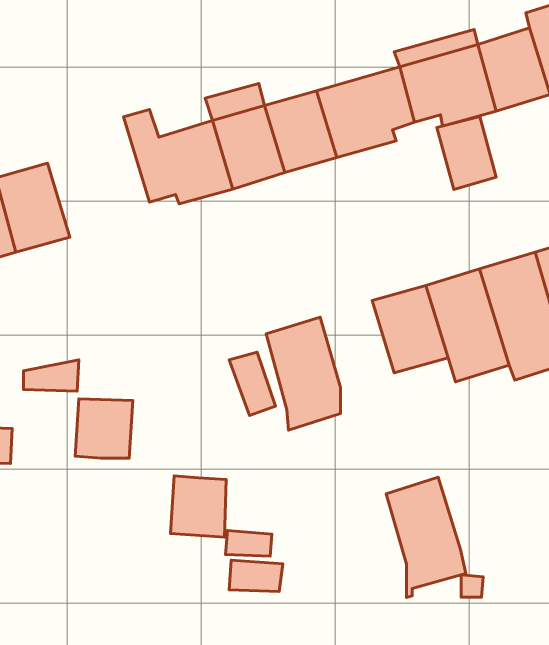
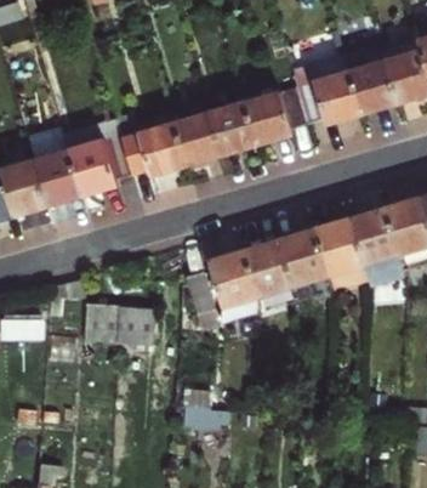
building: [437,117,496,190] -> none
building: none -> [62,118,132,197]
building: [171,476,226,537] -> [119,303,155,344]
building: [386,477,466,598] -> [244,238,296,317]

